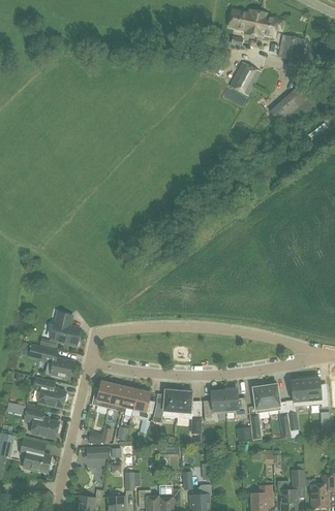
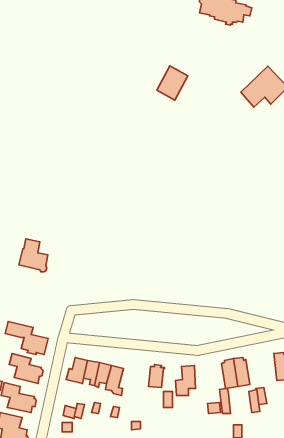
building: [277,35,305,61] -> none
building: [229,61,261,96] -> [157,66,188,100]
building: [50,312,80,346] -> [19,239,48,272]
building: [290,377,308,406] -> none
building: [223,386,246,418] -> none
building: [151,387,178,423] -> none

